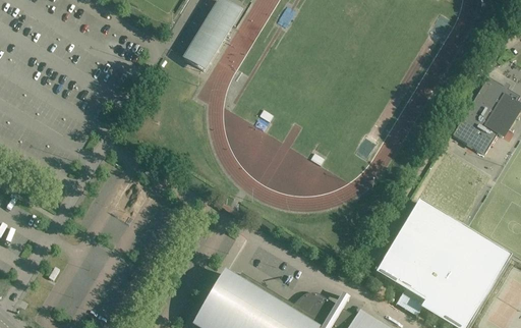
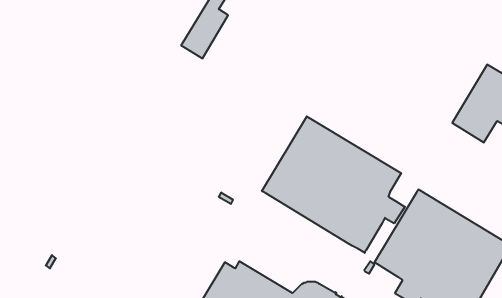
building: none -> [262,116,405,253]

